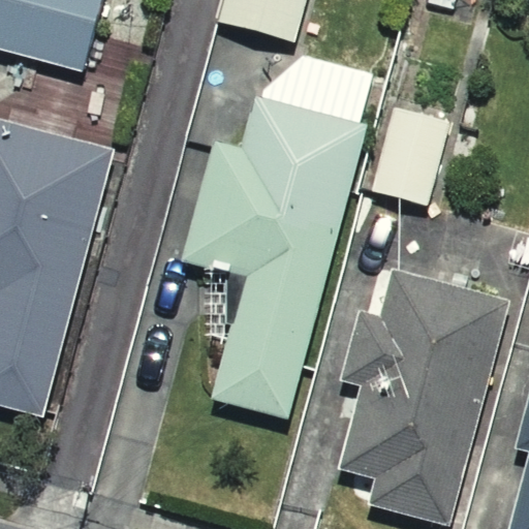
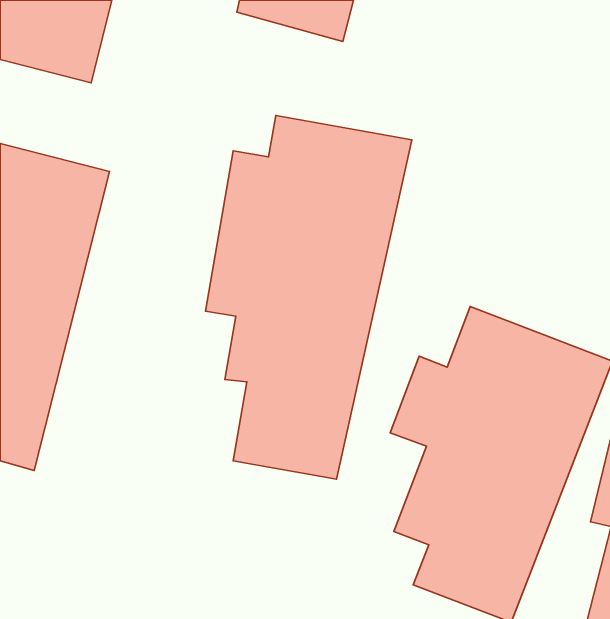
building: [370,99,454,212] -> none

